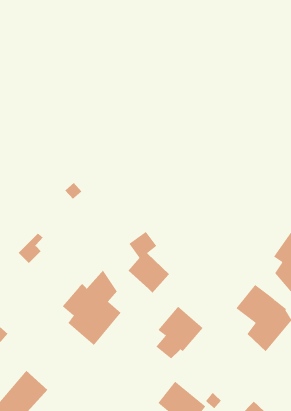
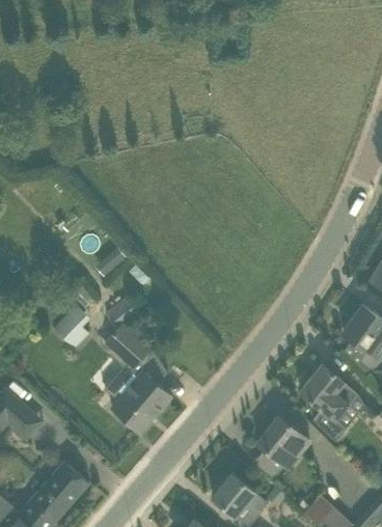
building: [128,231,170,294] -> [104,298,152,368]
building: [156,306,203,359] -> [254,416,308,476]

